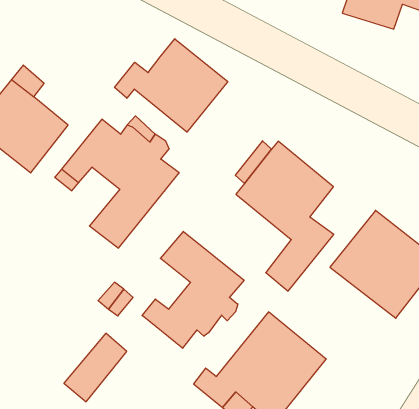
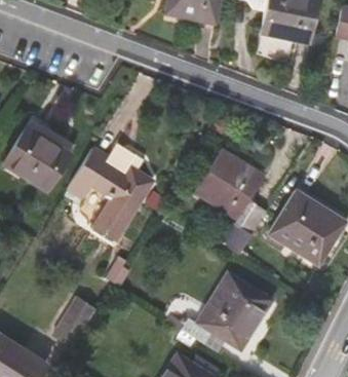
building: [115,39,228,132] -> none
building: [142,231,244,348] -> none
building: [64,333,127,402] -> [52,297,94,347]

